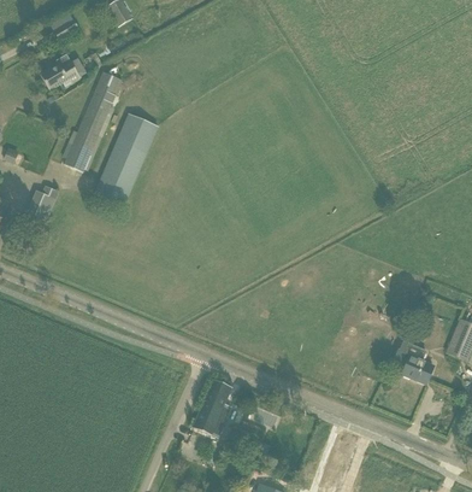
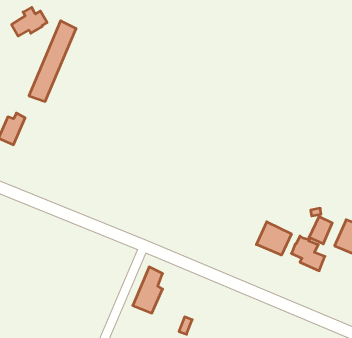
building: [93,112,158,207] -> none
building: none -> [309,217,332,244]
building: none -> [256,222,291,255]

